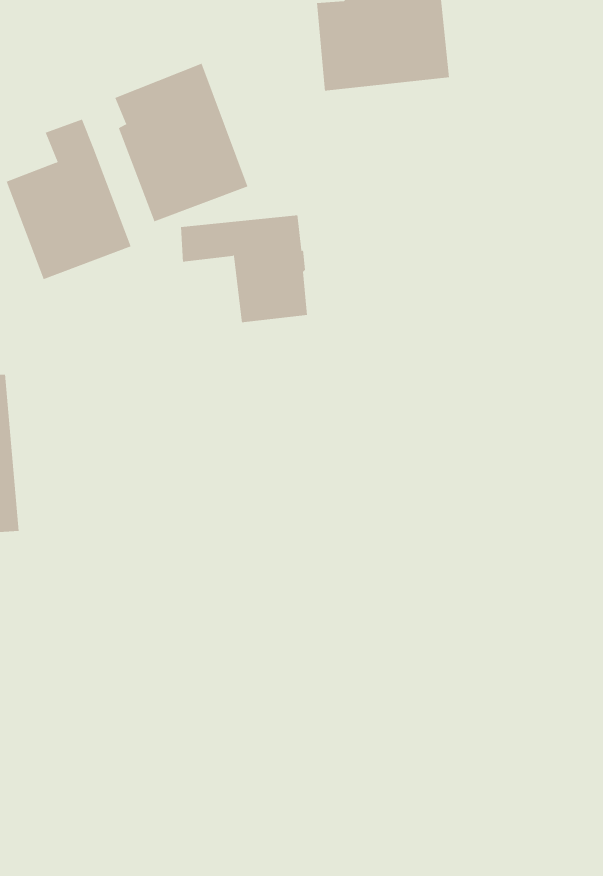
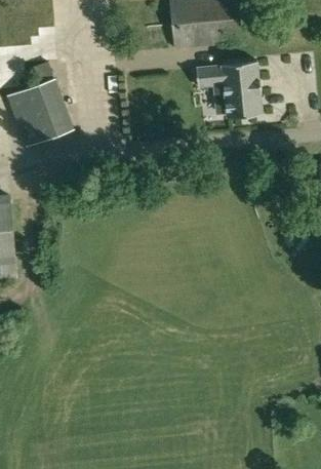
building: [114,63,248,222] -> none
building: [180,215,308,323] -> [195,62,262,118]

